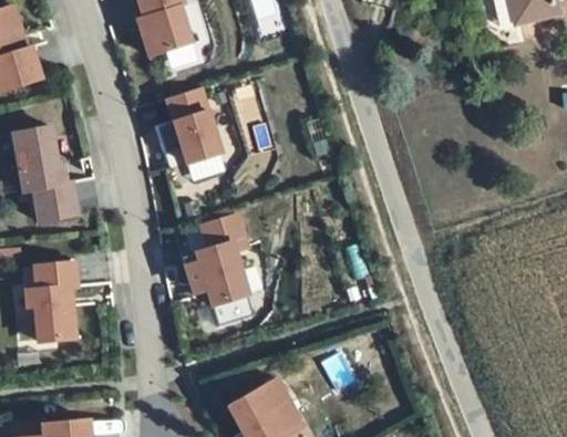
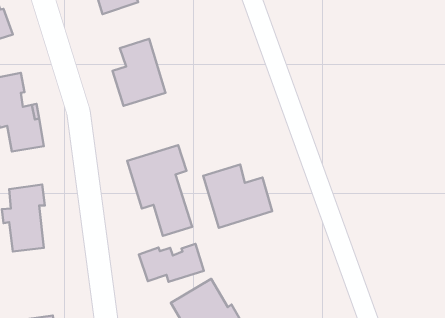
building: none -> [203,165,272,228]
building: none -> [139,244,204,282]

